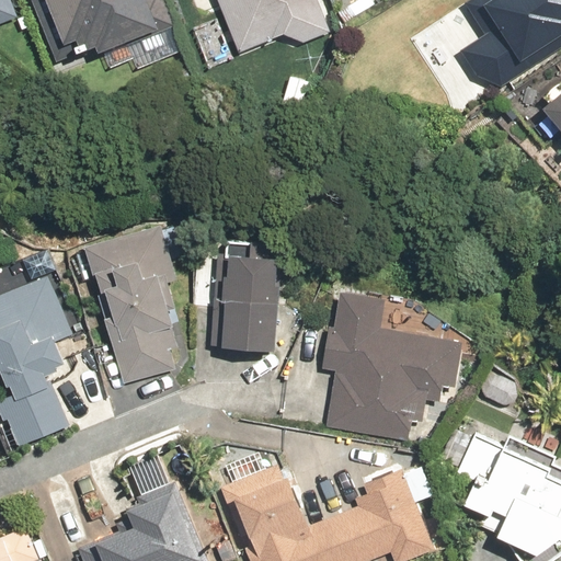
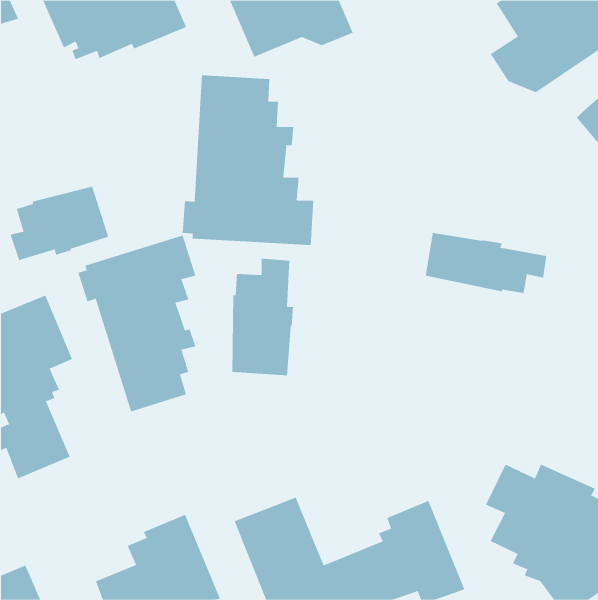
building: none -> [182,75,314,246]
building: none -> [10,186,109,261]
building: none -> [425,232,547,294]
building: [321,293,460,440] -> none

